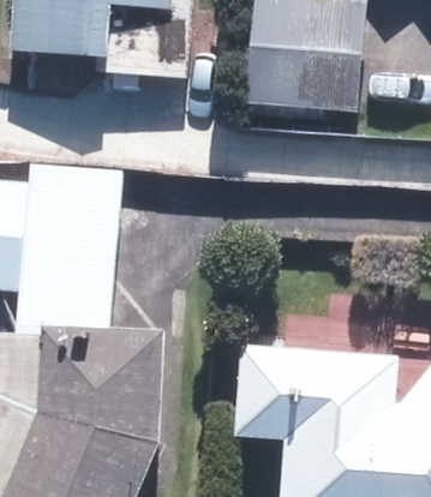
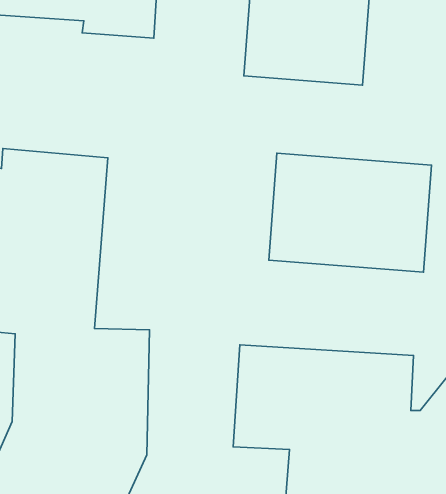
building: none -> [269,153,431,272]

